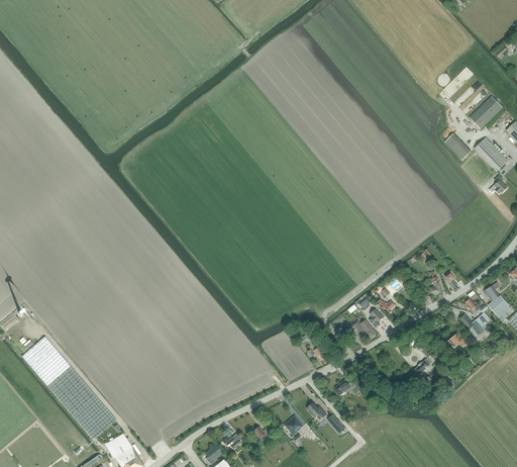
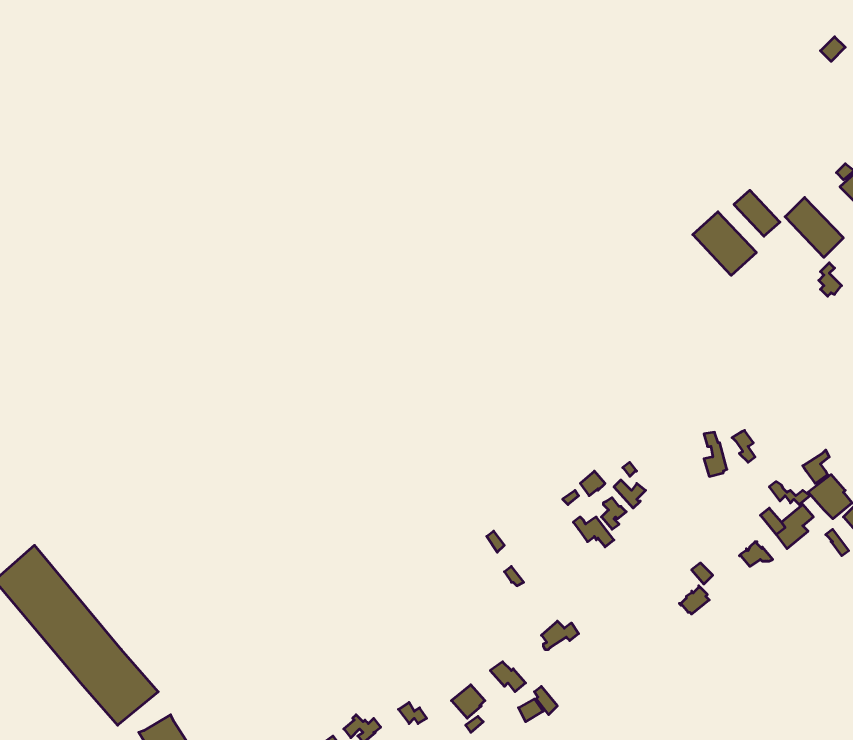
building: [470,96,503,128] -> none
building: none -> [693,212,756,275]

